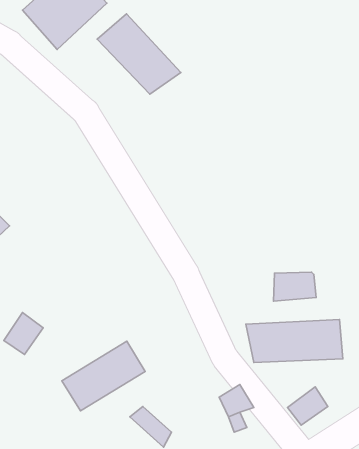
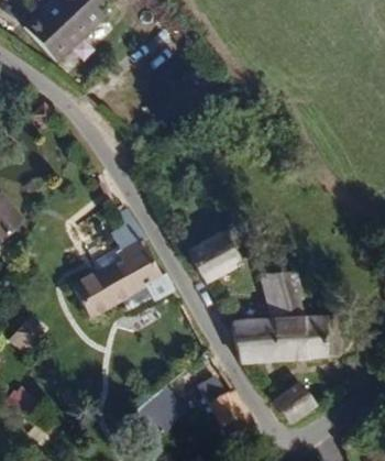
building: [97,14,181,94] -> none
building: none -> [191,233,242,281]
building: [62,341,145,411] -> [76,253,155,319]

